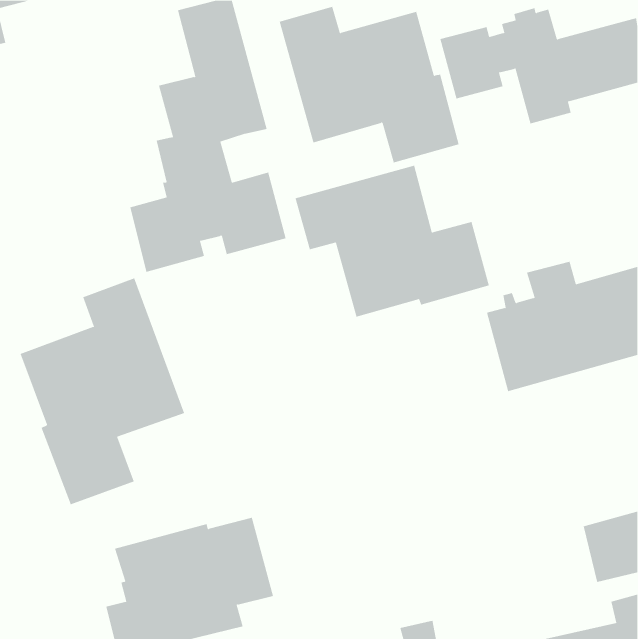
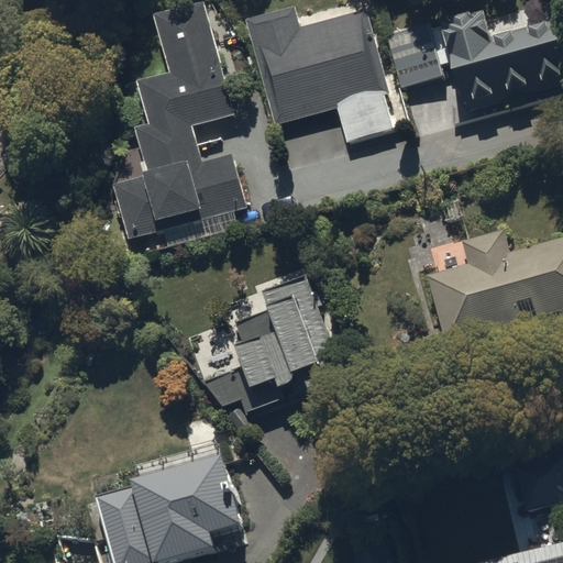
building: [295,165,489,317] -> none
building: [20,278,185,505] -> none
building: none -> [201,276,343,416]

